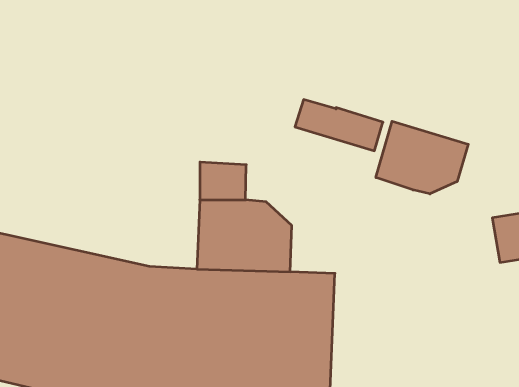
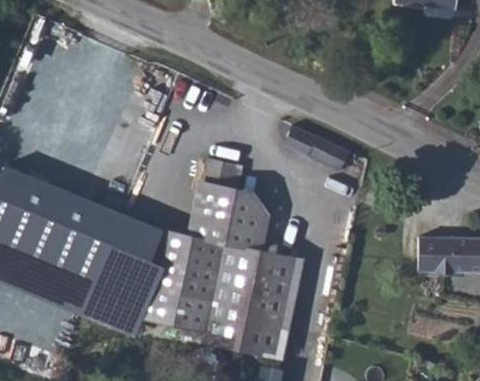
building: [376,121,468,194] -> none

